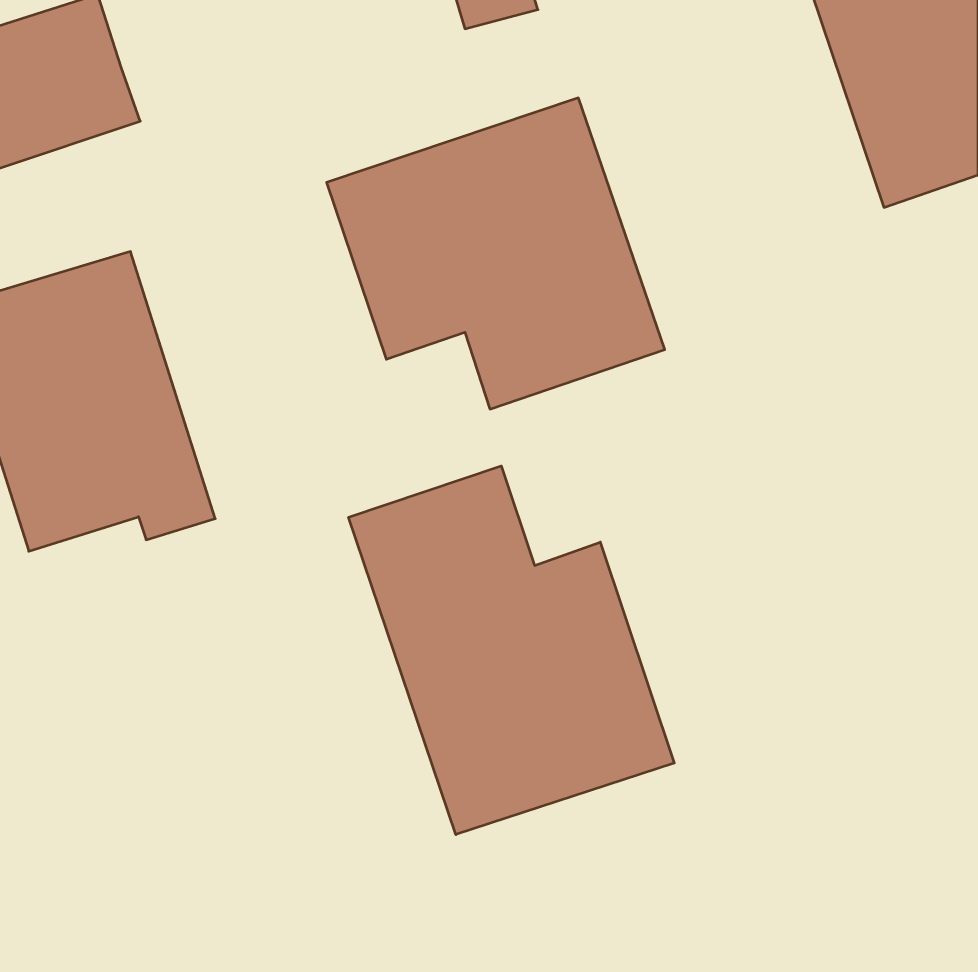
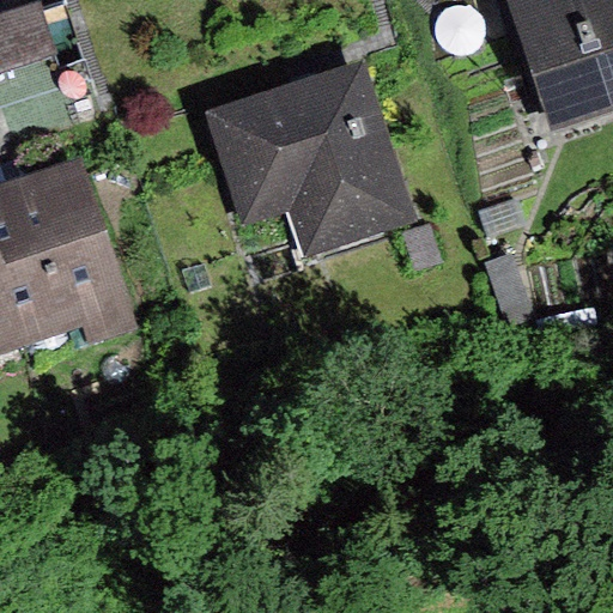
building: [349,466,674,835] -> none

